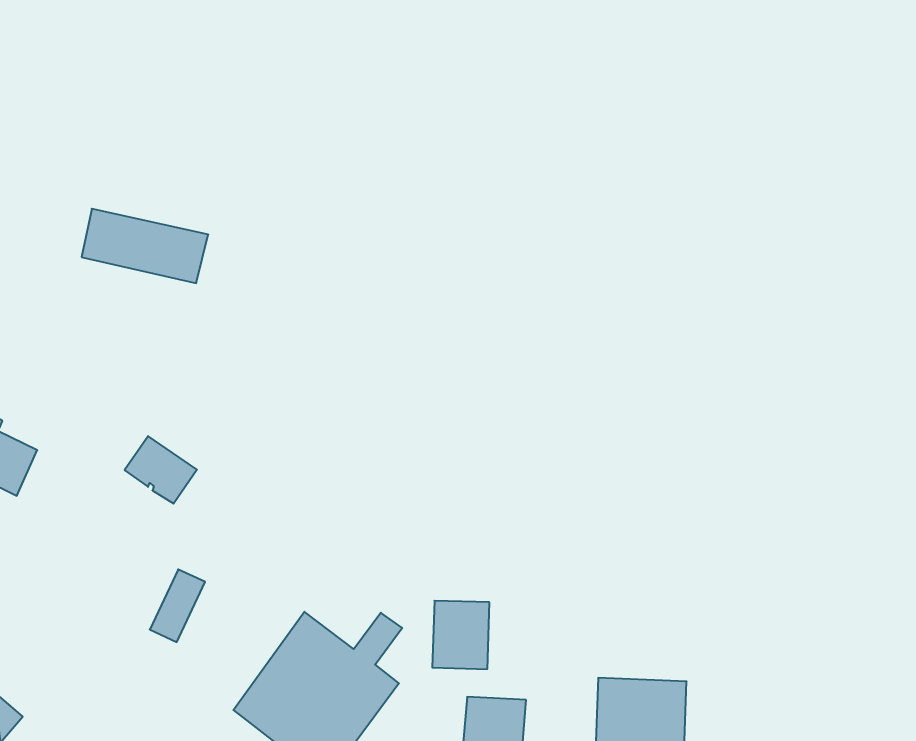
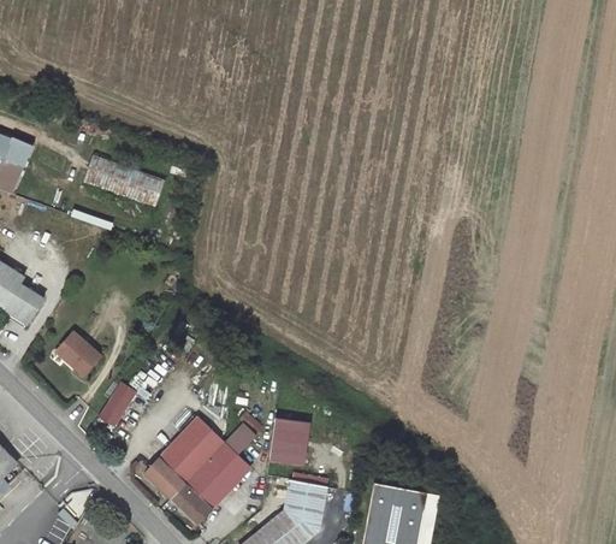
building: [125,436,197,504] -> [57,332,101,376]

